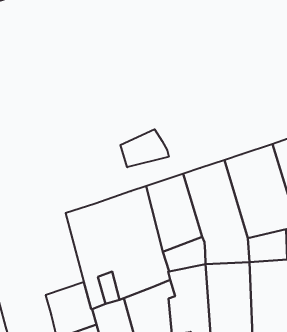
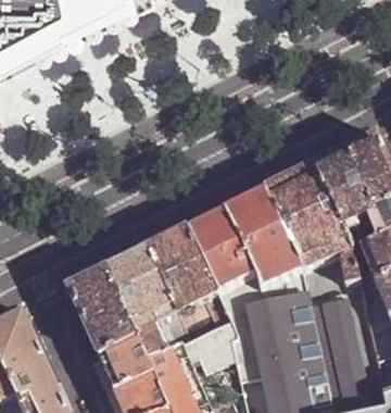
building: [120,129,169,167] -> none
building: none -> [66,261,135,350]

